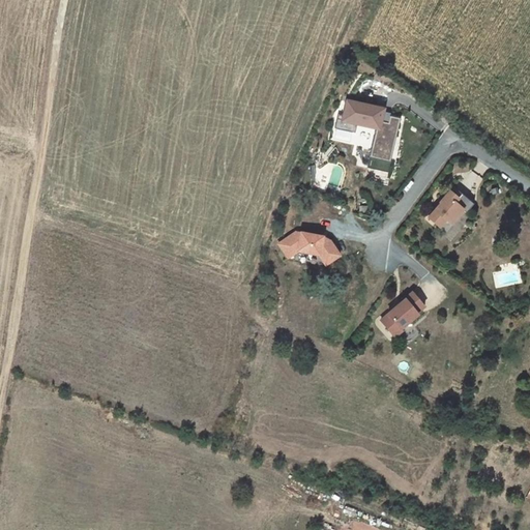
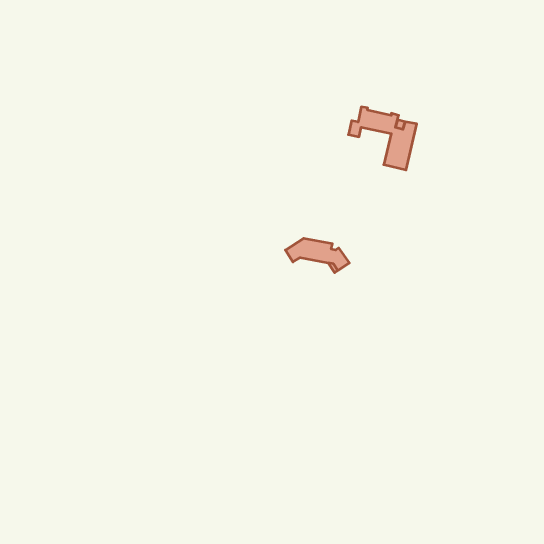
building: [428,185,473,227] -> none
building: [380,292,424,336] -> none

